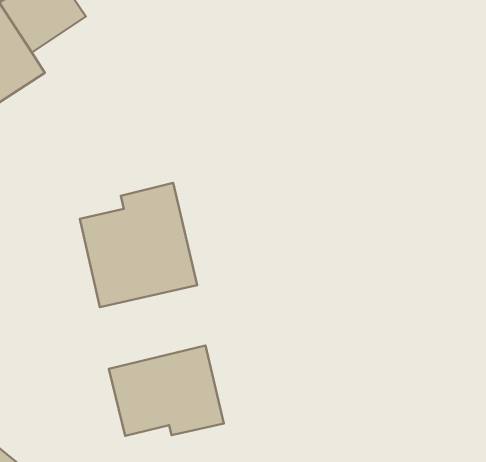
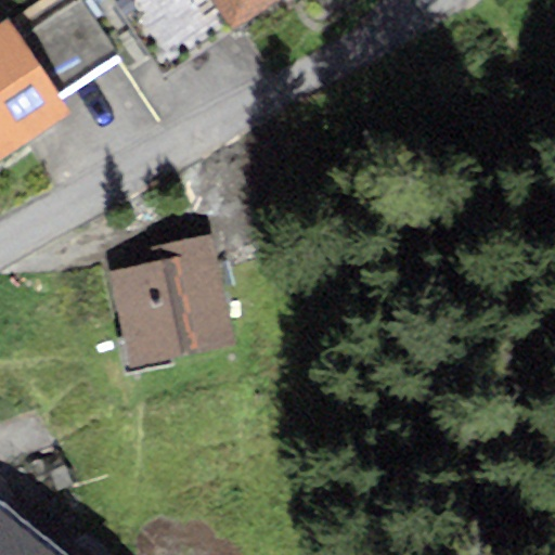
building: [109,346,224,436] -> none

